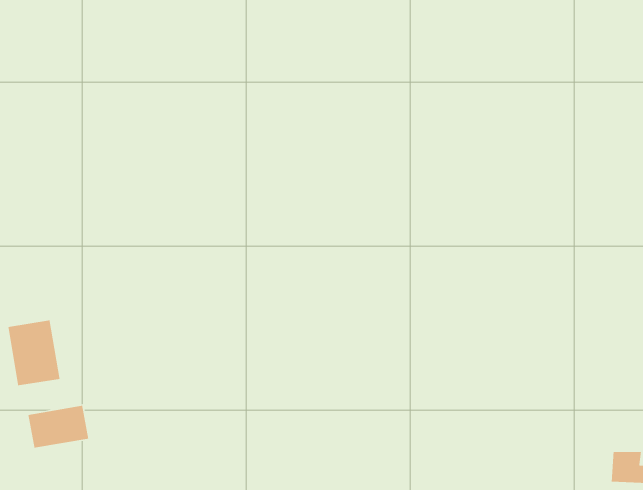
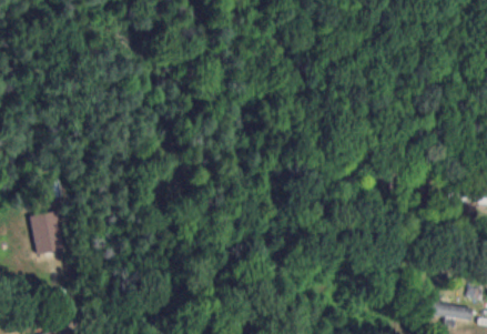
building: [27,405,89,449] -> none

